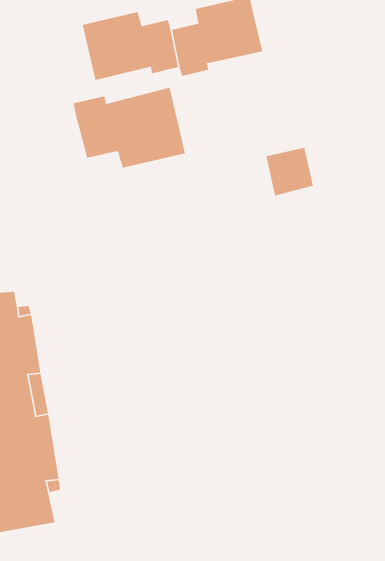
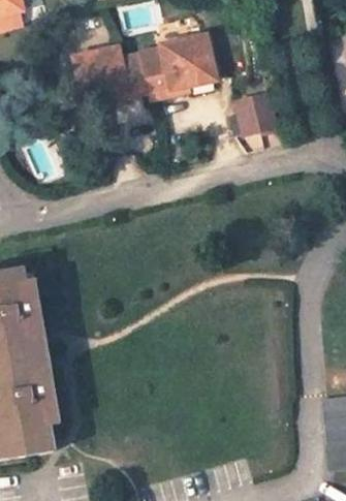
building: [73,87,186,169] -> none
building: [265,147,314,197] -> [237,94,275,133]

